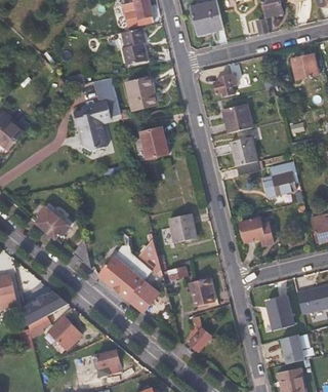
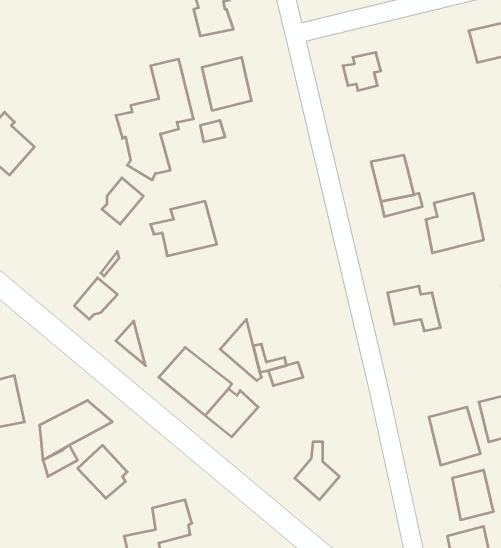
building: [222,104,252,132] -> none
building: [128,126,169,160] -> [150,201,217,256]
building: [36,201,61,230] -> [102,178,143,224]
building: [169,212,197,242] -> none
building: [189,277,214,306] -> none

